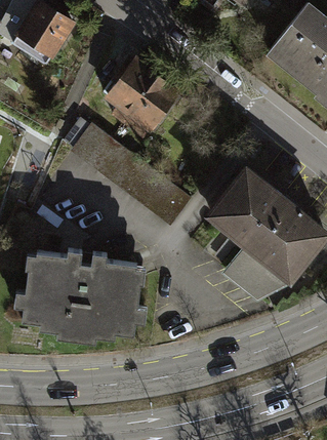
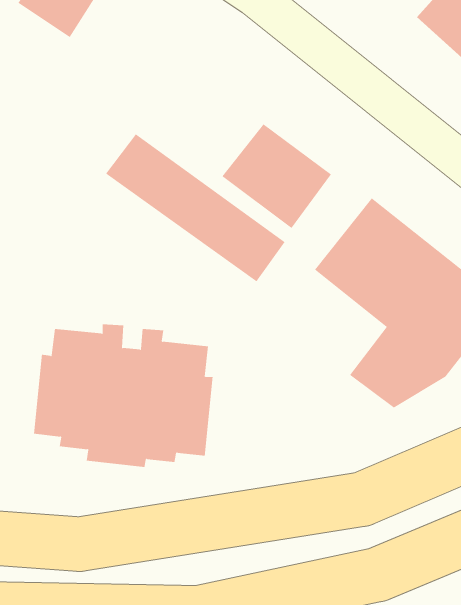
building: [101,68,172,135] -> [222,124,332,229]

